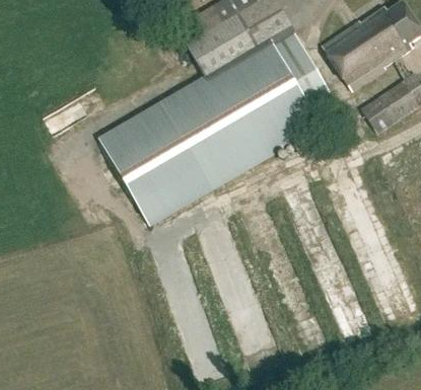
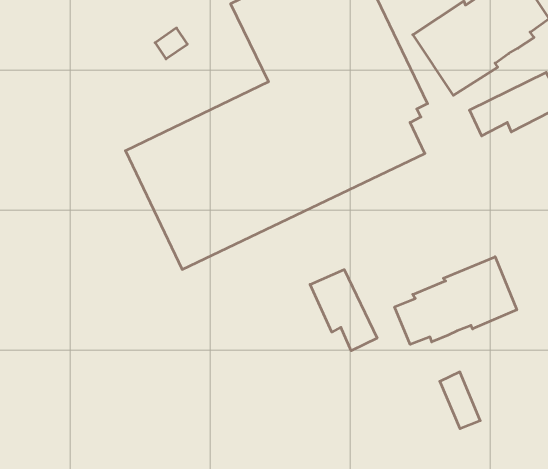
building: none -> [395,257,517,344]
building: none -> [310,270,377,351]

